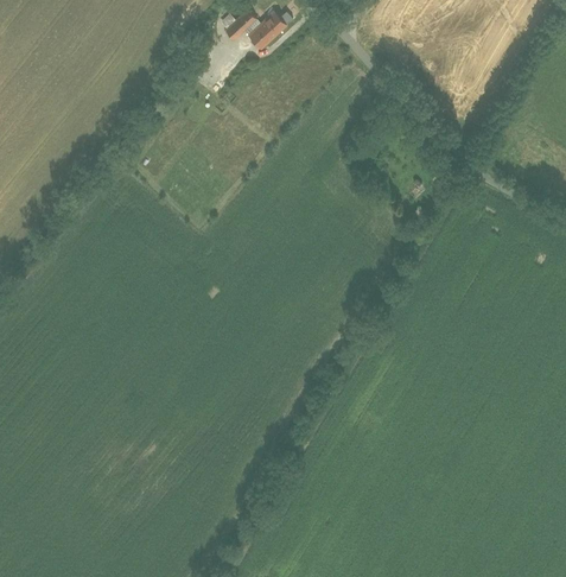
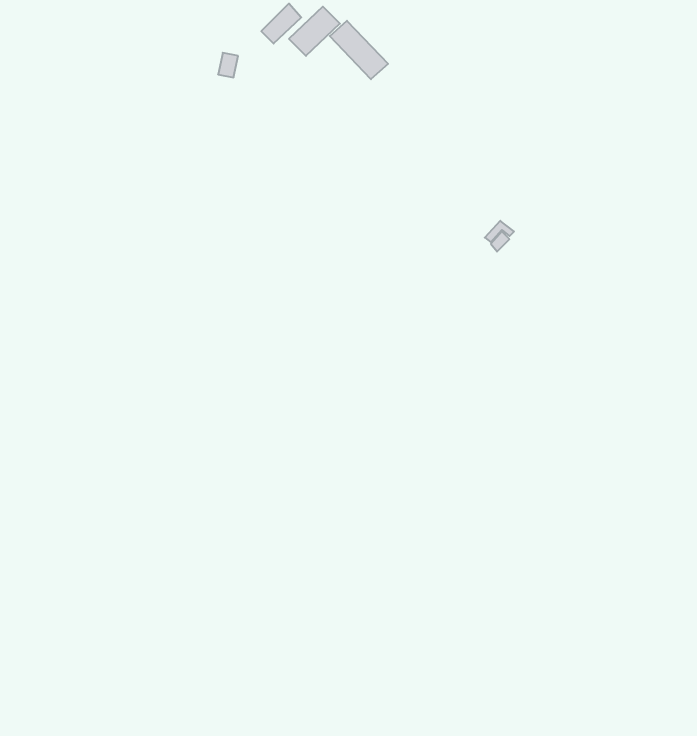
building: none -> [330,21,388,79]

